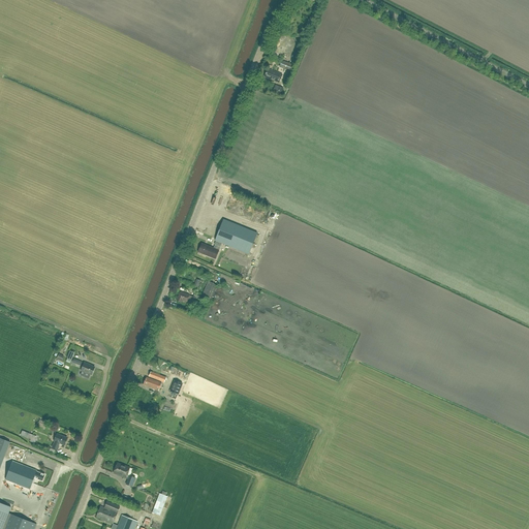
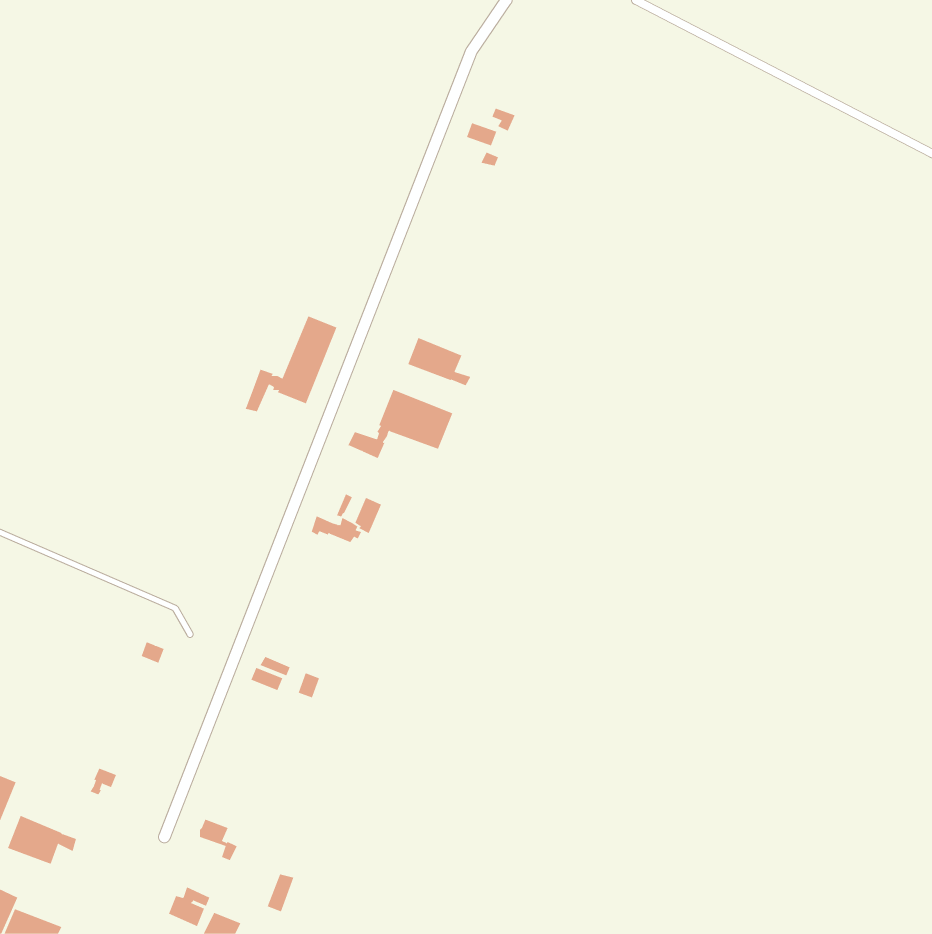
building: none -> [244,316,337,412]
building: none -> [407,337,471,386]

